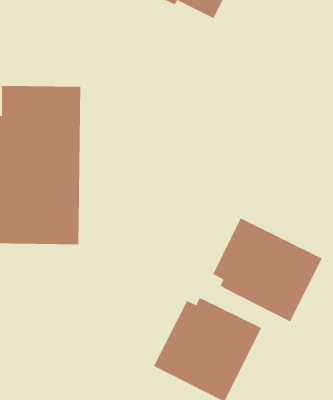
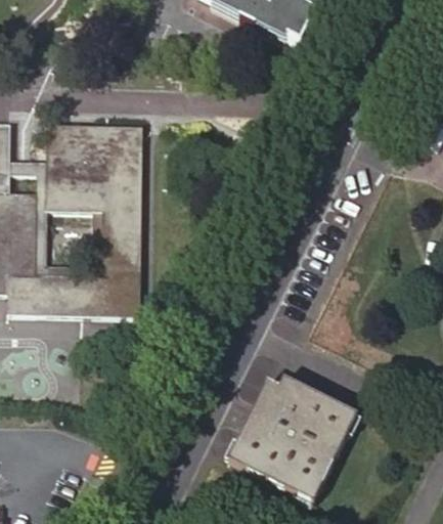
building: [212,217,322,322] -> none

